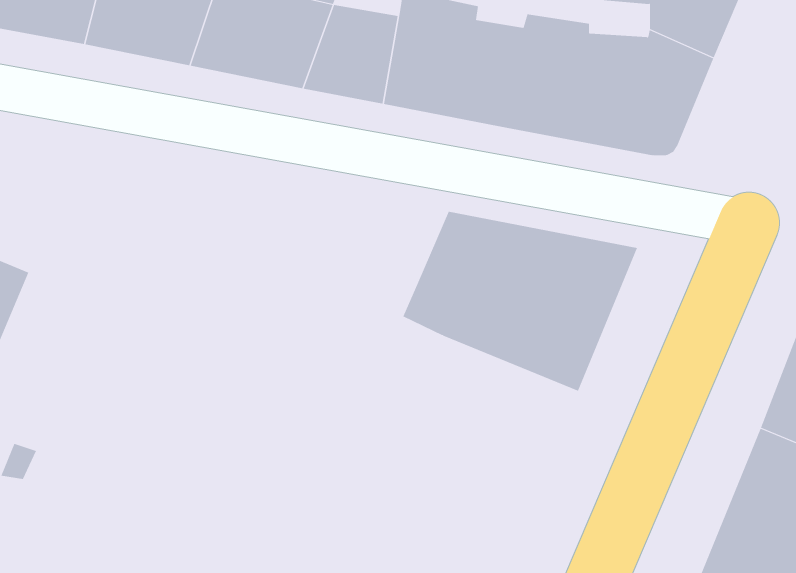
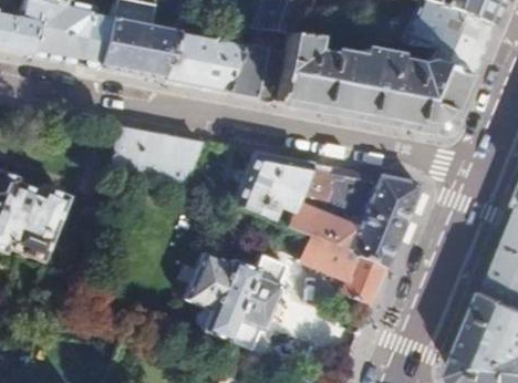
building: none -> [110,125,205,182]
building: none -> [234,151,312,218]
building: none -> [298,234,387,304]
building: none -> [186,258,286,351]

